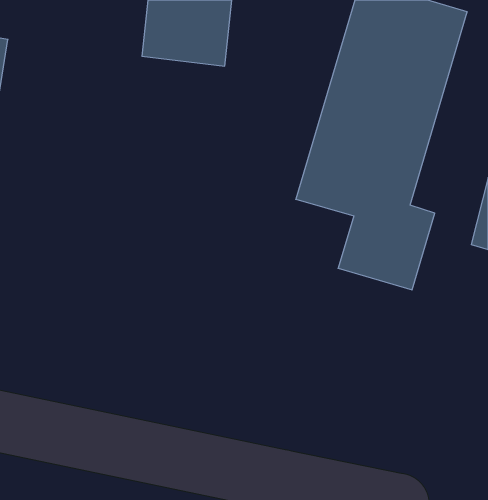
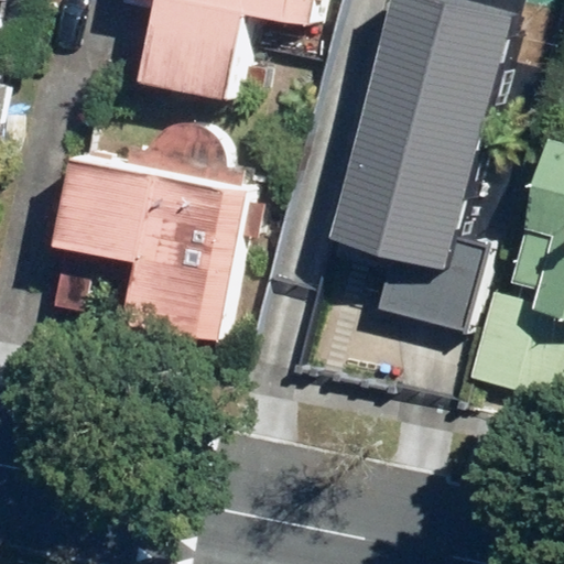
building: none -> [80,141,257,311]

